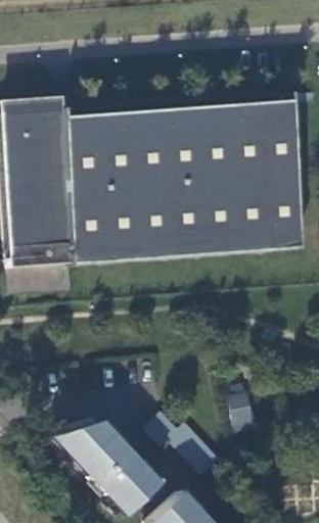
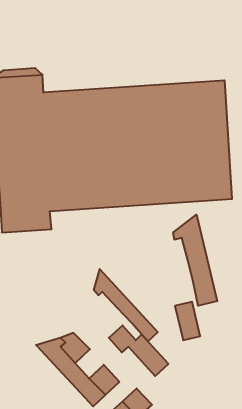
building: none -> [173,215,217,306]
building: none -> [94,269,158,341]

